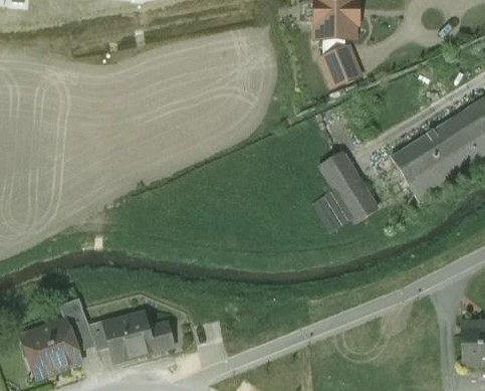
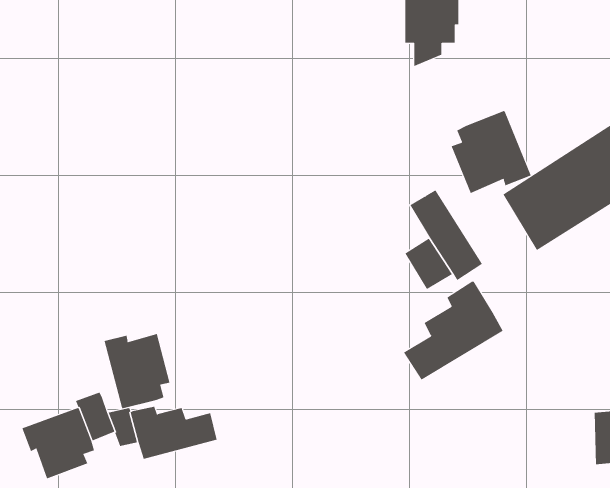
building: [322,44,361,85] -> none
building: none -> [451,110,532,194]
building: none -> [403,281,503,381]
building: none -> [104,333,170,409]

